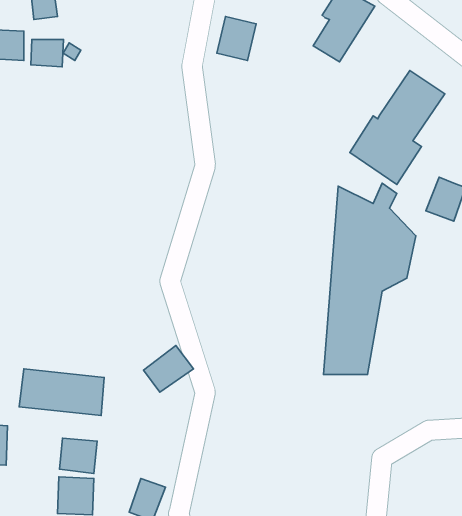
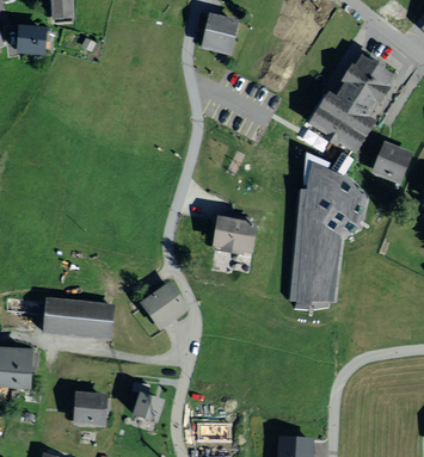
building: [31,39,63,67] -> none
building: none -> [217,221,253,251]
building: [60,438,97,474] -> none

